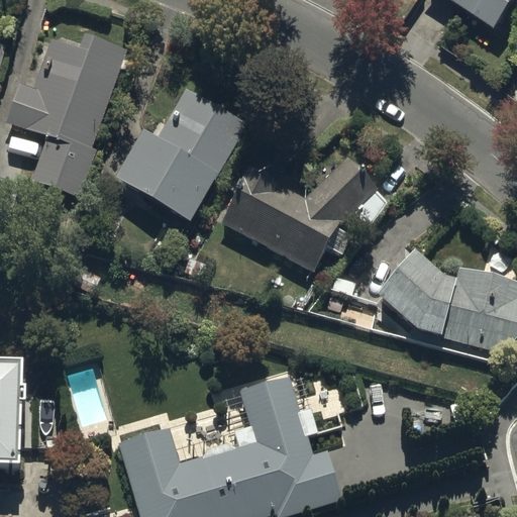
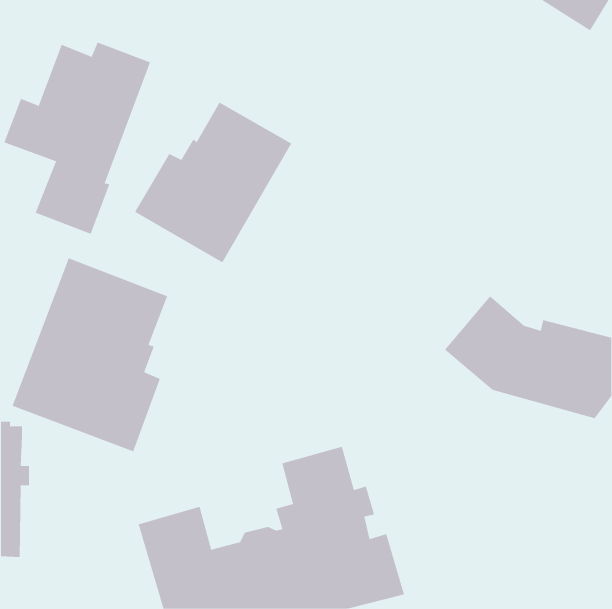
building: [219,158,387,272] -> none
building: none -> [12,258,168,452]

